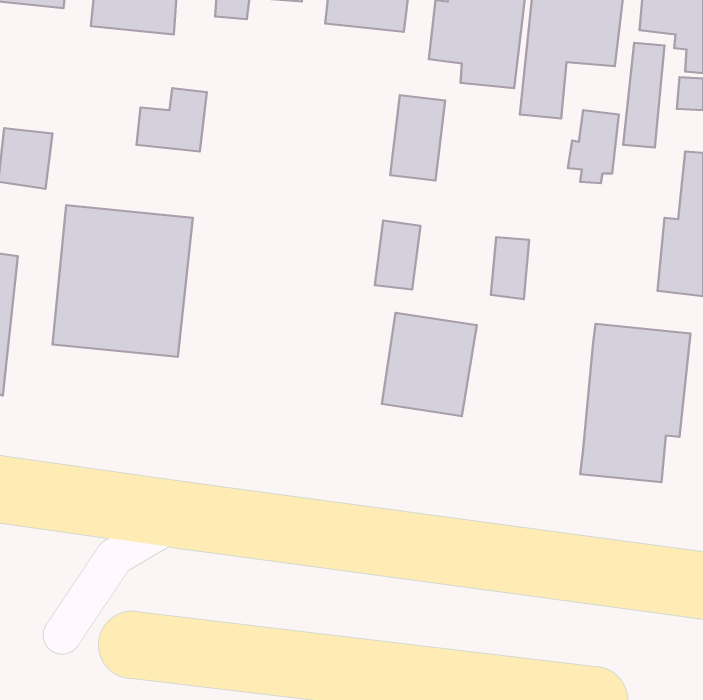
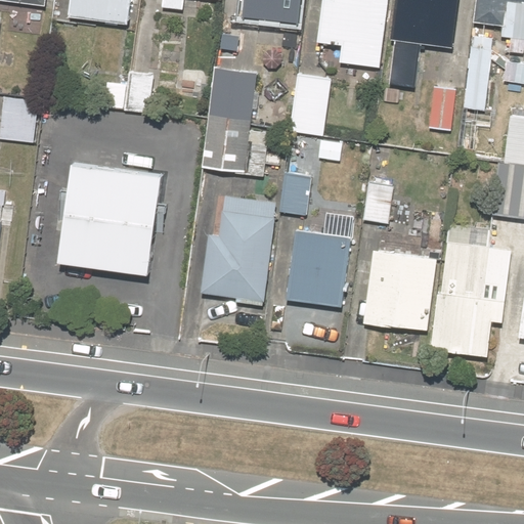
building: none -> [200,70,256,174]
building: none -> [203,199,277,302]
building: none -> [364,250,440,334]

